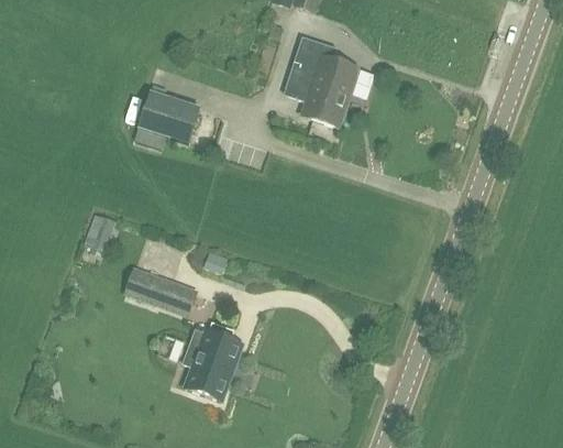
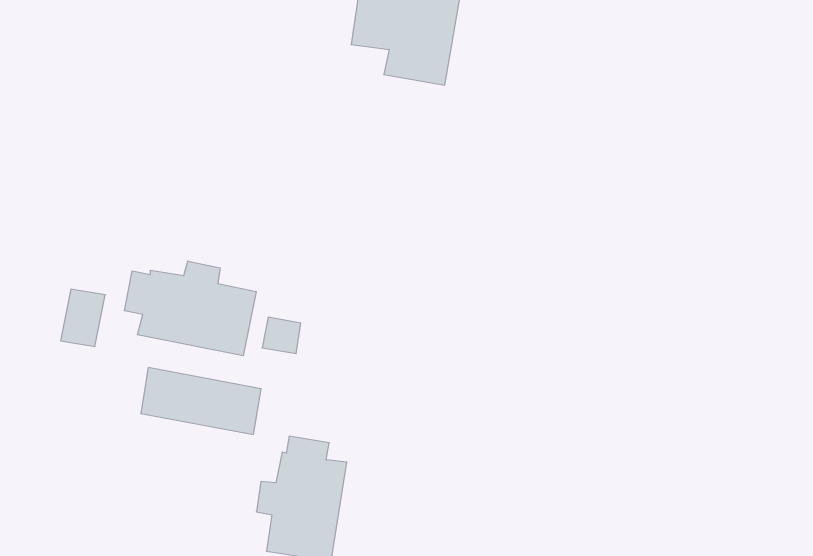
building: [136,89,200,141] -> none
building: none -> [124,261,256,356]

